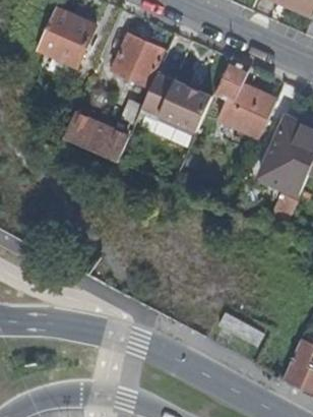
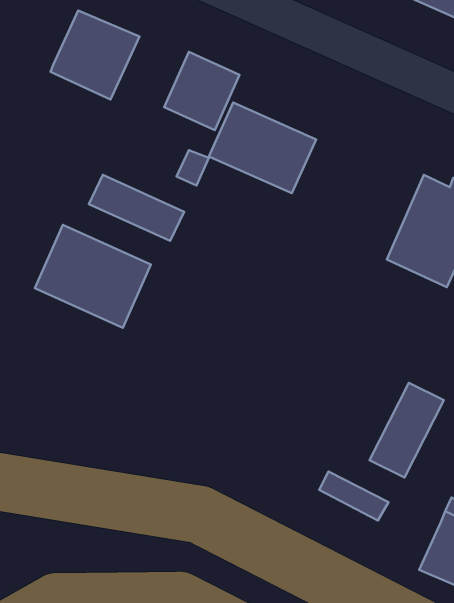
building: [216,62,275,132] -> none
building: none -> [35,225,151,328]
building: none -> [369,383,444,477]

